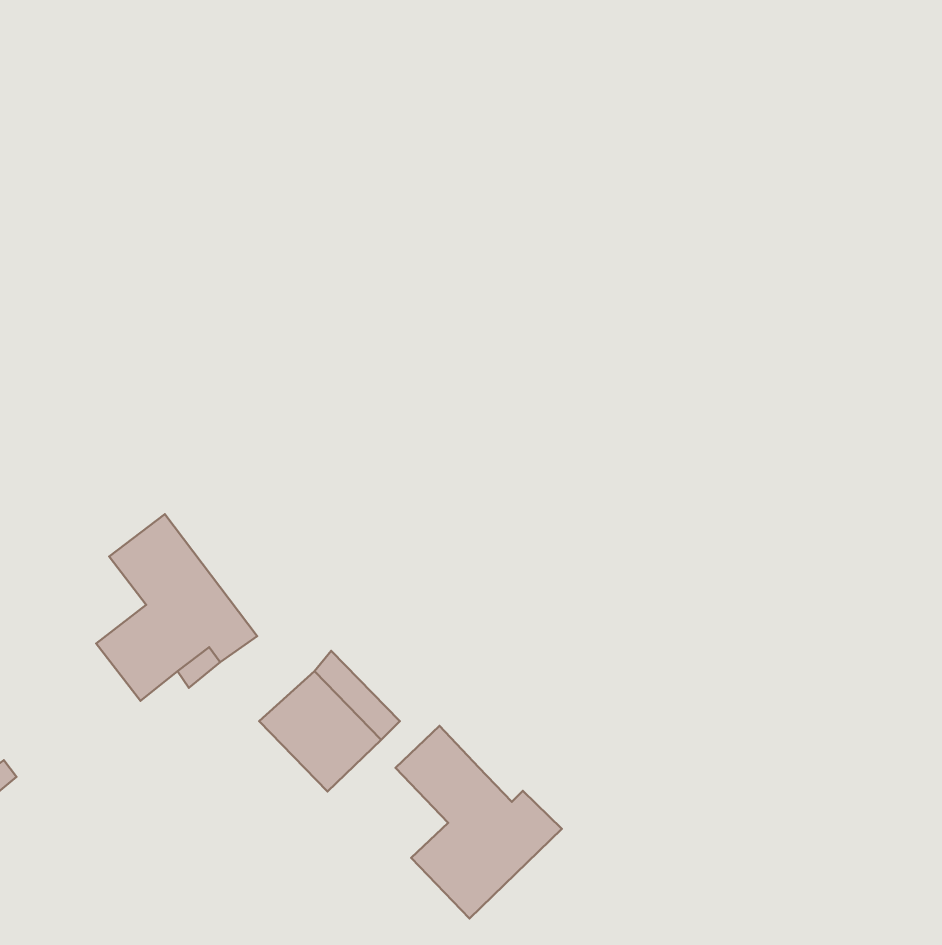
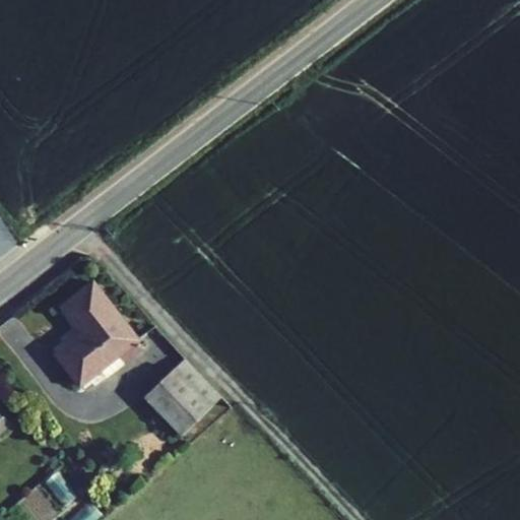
building: [395,726,562,919] -> none

